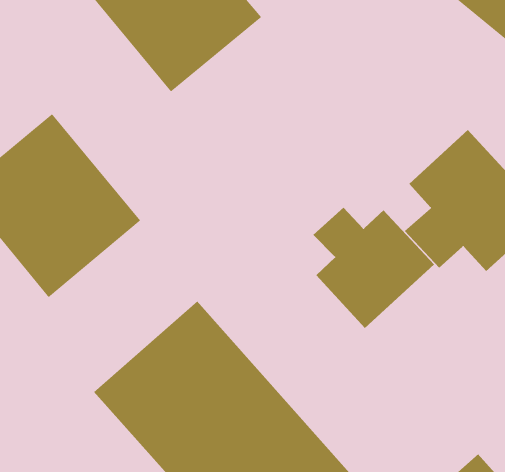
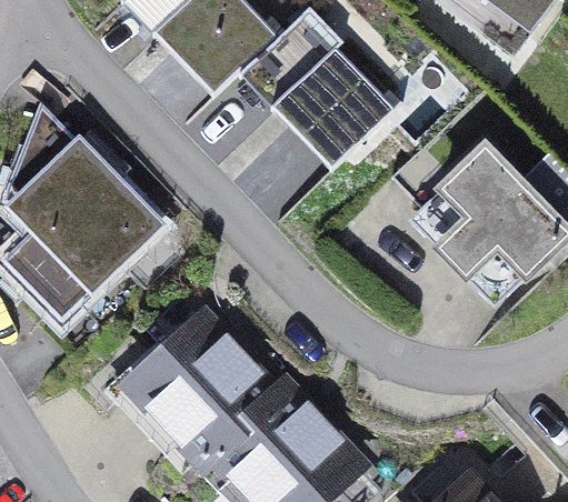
building: none -> [271,43,397,168]
building: [313,207,435,329] -> none

